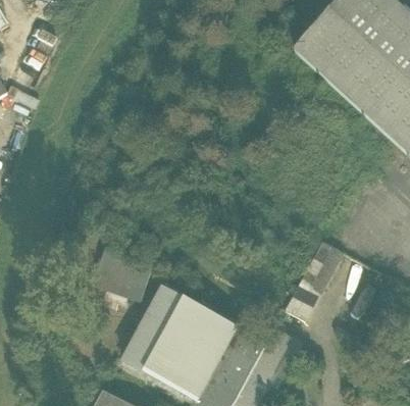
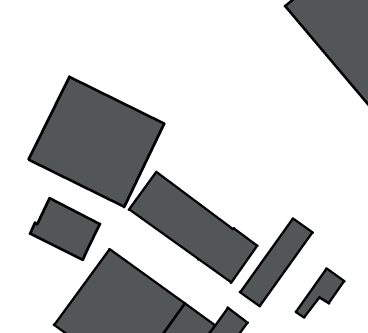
building: none -> [29,77,164,207]
building: none -> [129,172,257,283]

